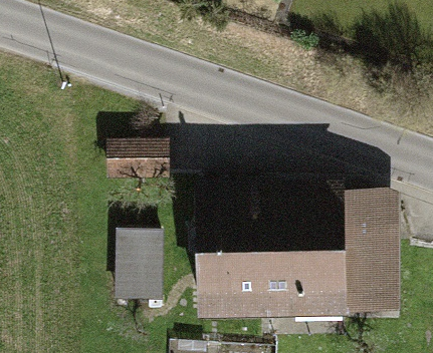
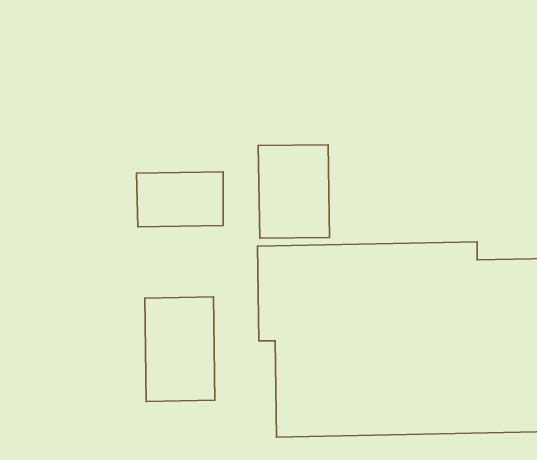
building: none -> [258,145,330,238]

